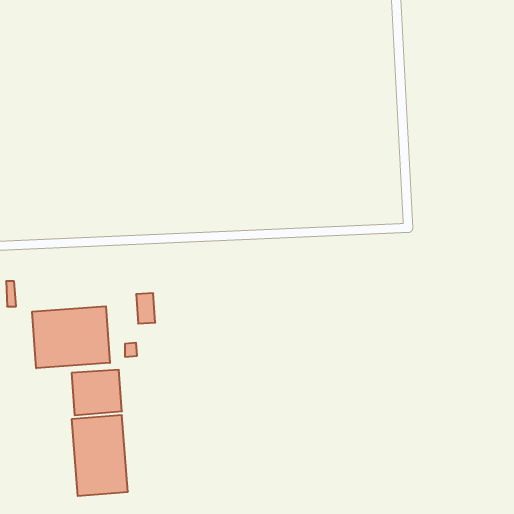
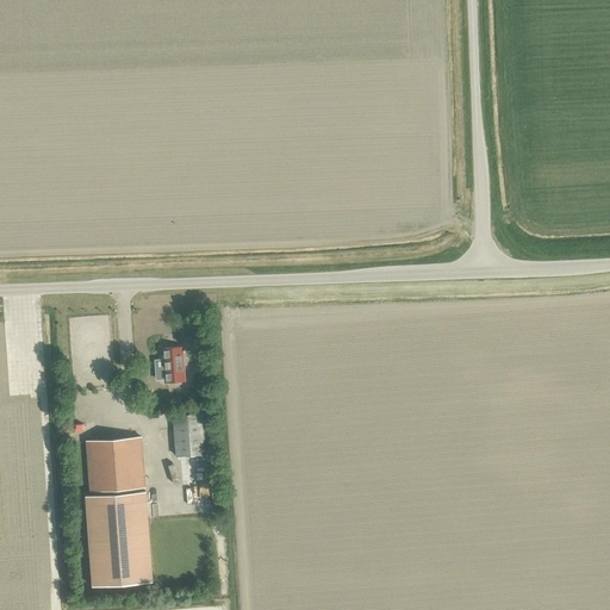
building: [32,306,110,368] -> none
building: none -> [172,415,204,458]

